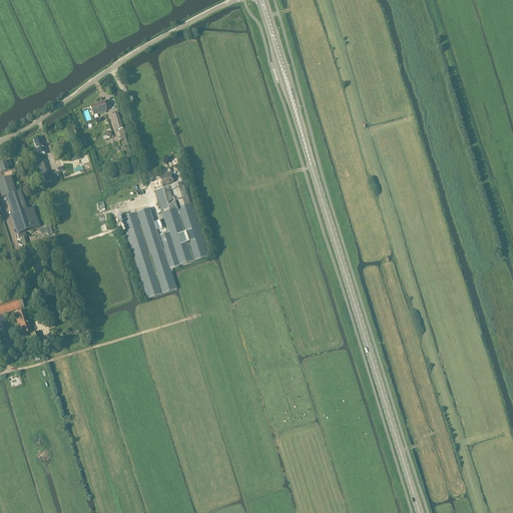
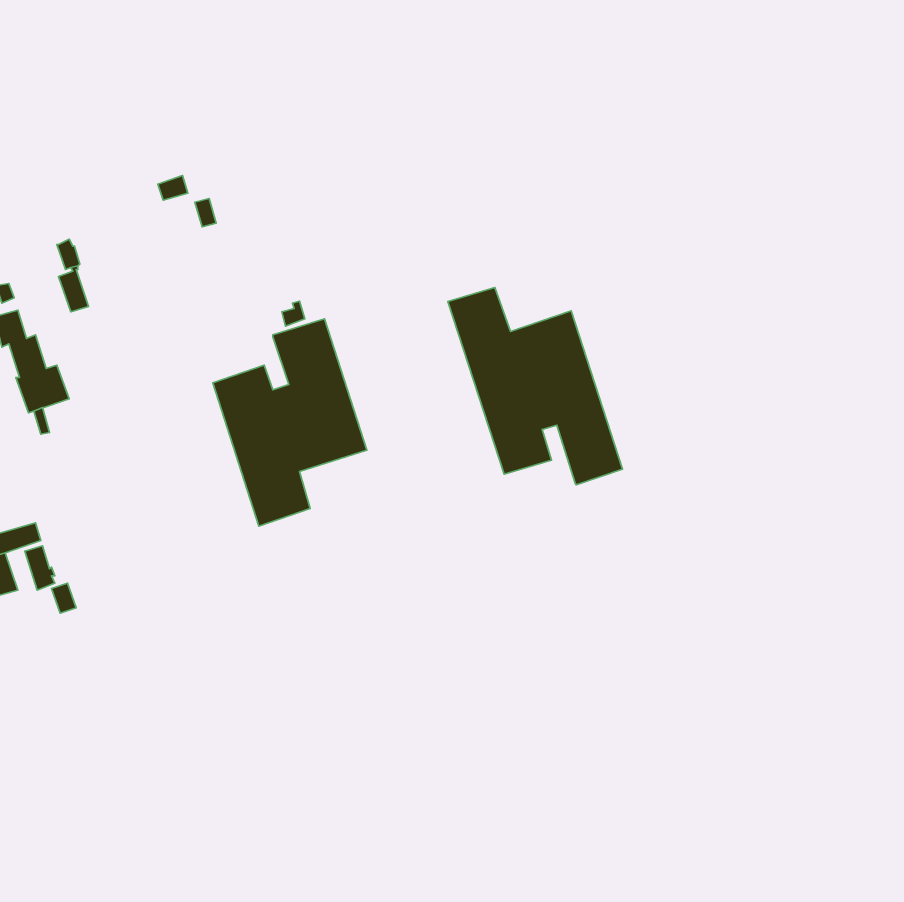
building: none -> [448,287,622,485]

